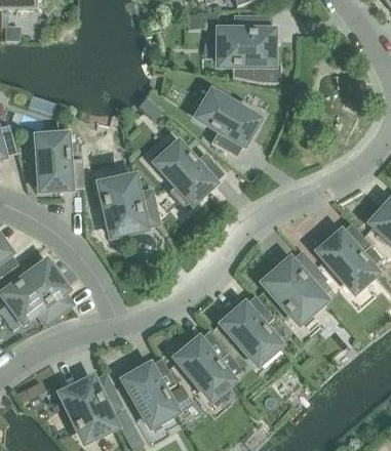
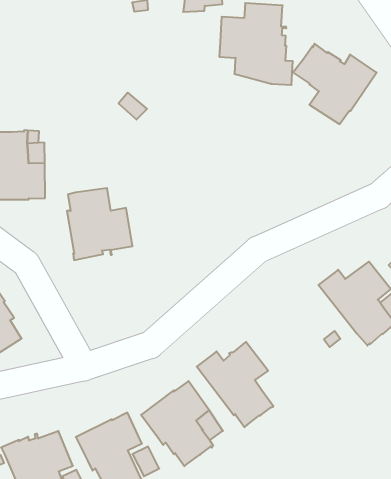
building: [194,91,263,156] -> [293,44,377,124]
building: [155,141,223,209] -> none
building: [261,254,324,321] -> none

